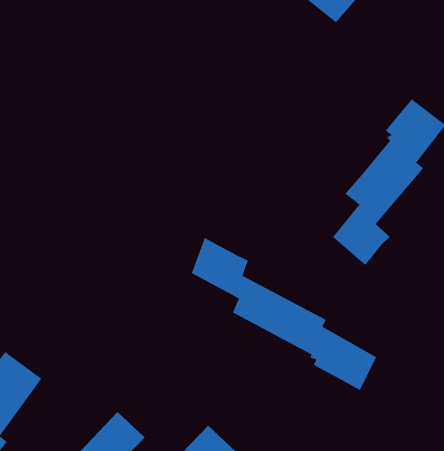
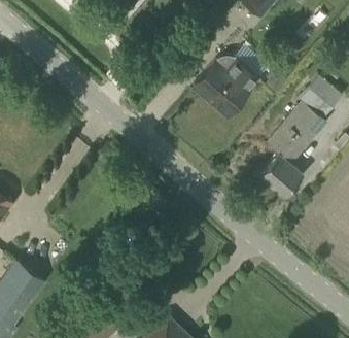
building: none -> [191,56,259,116]
building: [191,237,377,391] -> none

